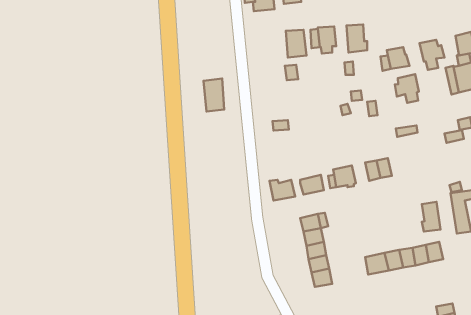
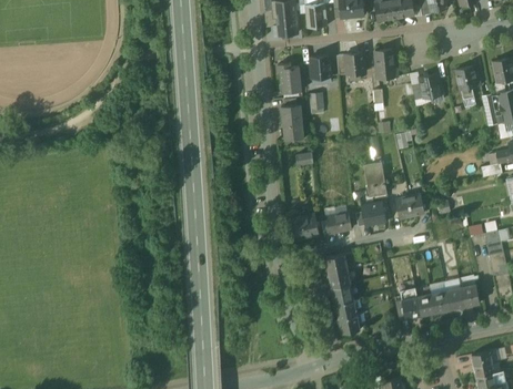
building: none -> [278,63,300,92]
building: [395,74,419,103] -> none
building: [204,79,224,112] -> [281,104,303,140]
building: none -> [363,162,386,197]
building: [422,202,441,231] -> none

